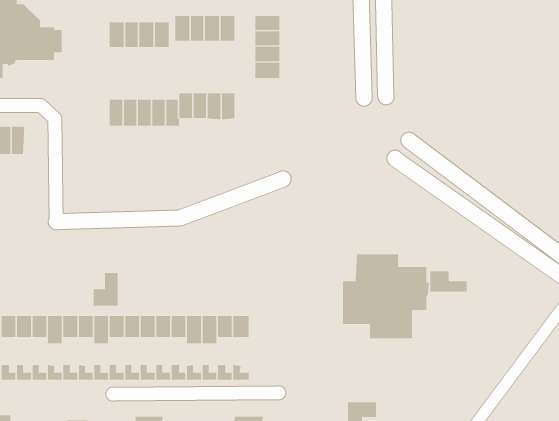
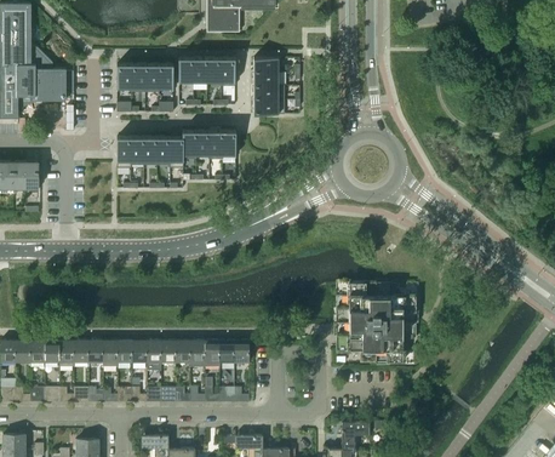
building: [430,270,467,293] -> none
building: [93,272,118,306] -> none

